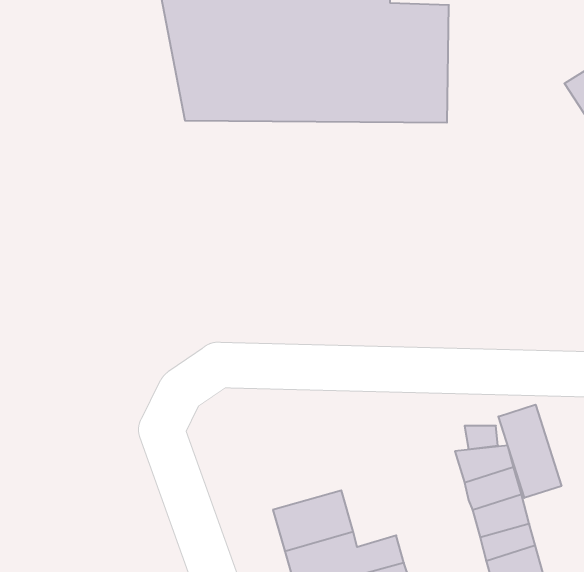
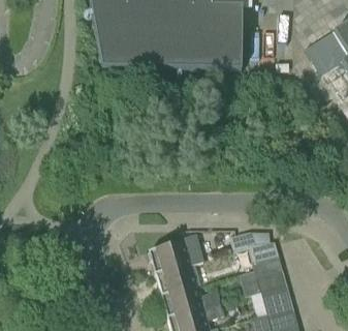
building: [498,405,561,498] -> none
building: none -> [145,239,200,275]

